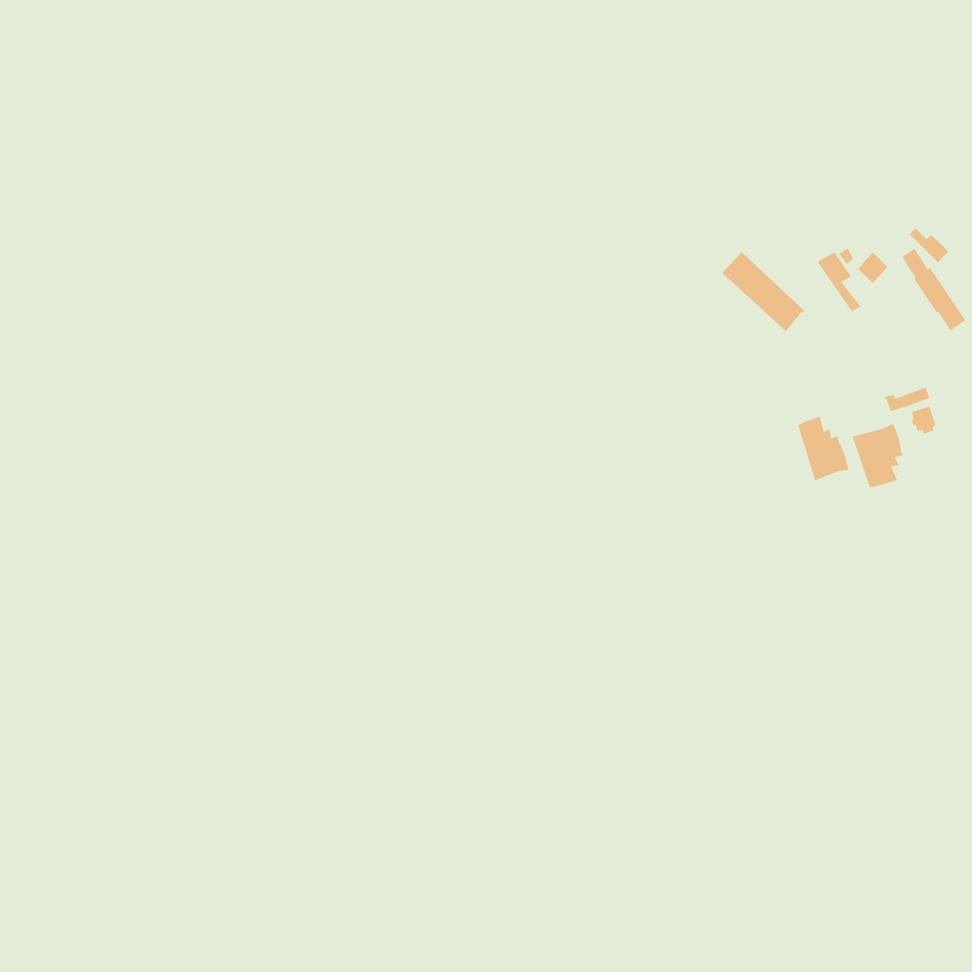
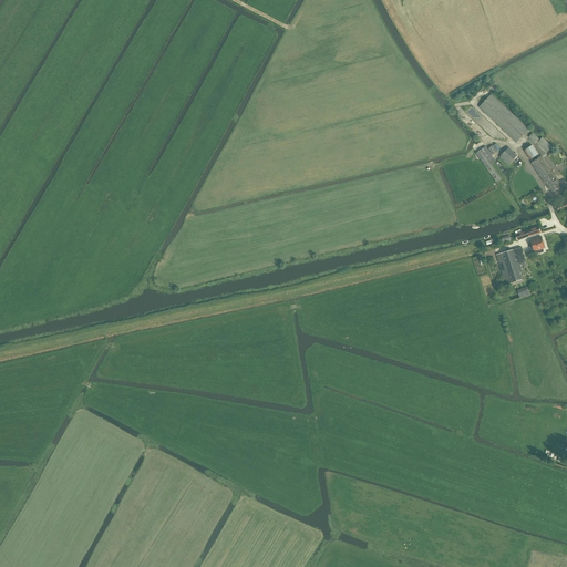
building: [722,250,805,332] -> [478,93,527,141]
building: [797,416,849,481] -> none

